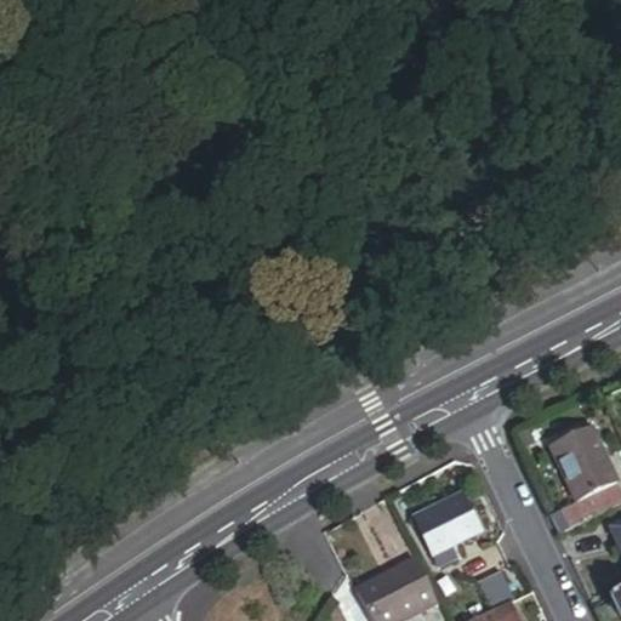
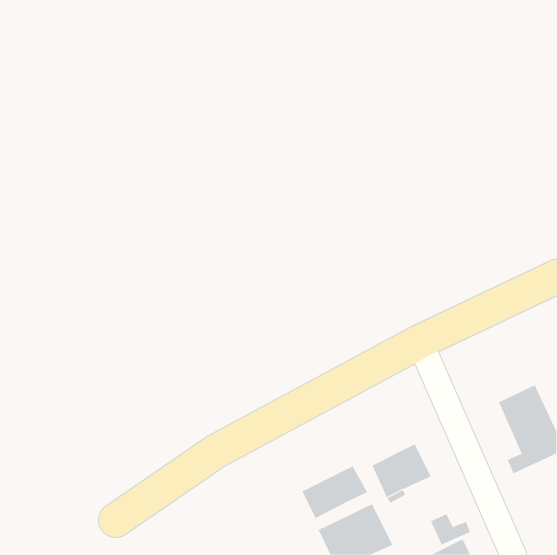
building: none -> [302,465,368,519]

